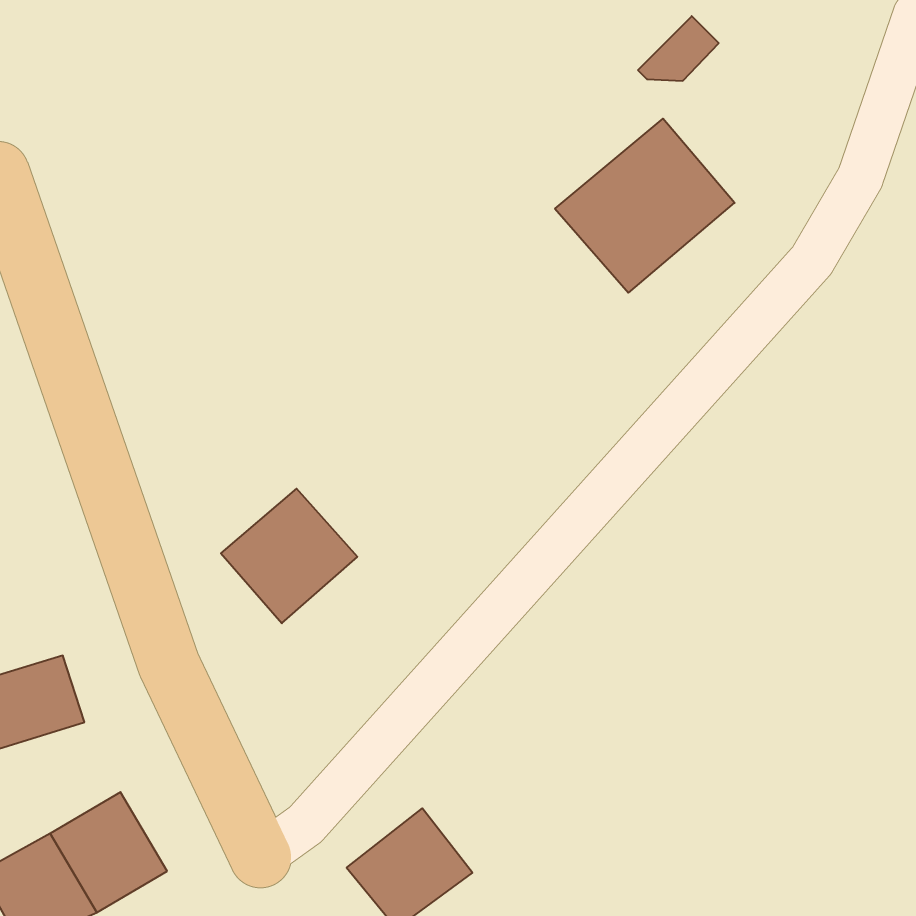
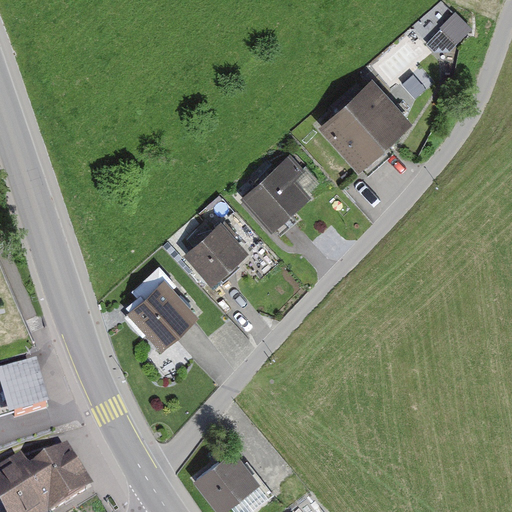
building: [638,16,719,81] -> [424,16,469,52]
building: none -> [238,155,323,236]
building: none -> [180,218,247,286]

